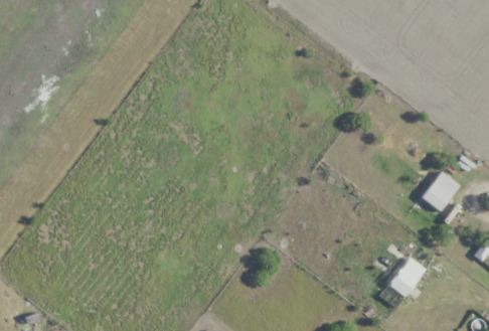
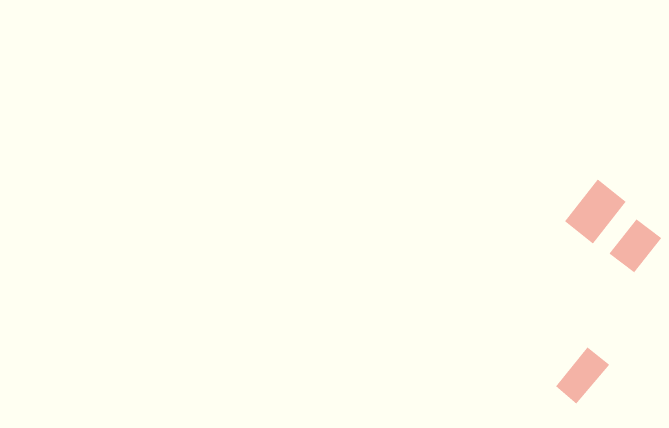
building: none -> [564,179,627,245]

